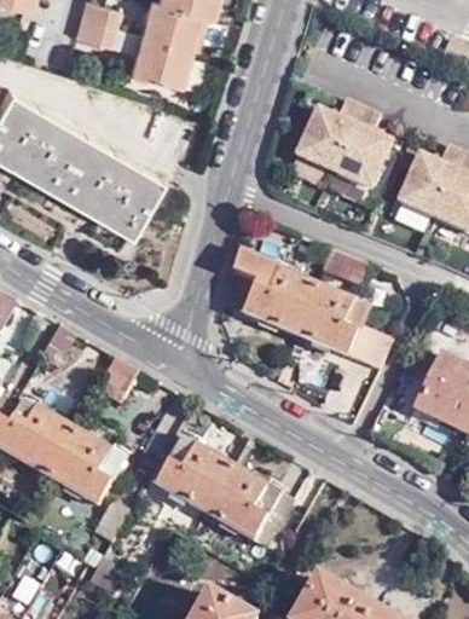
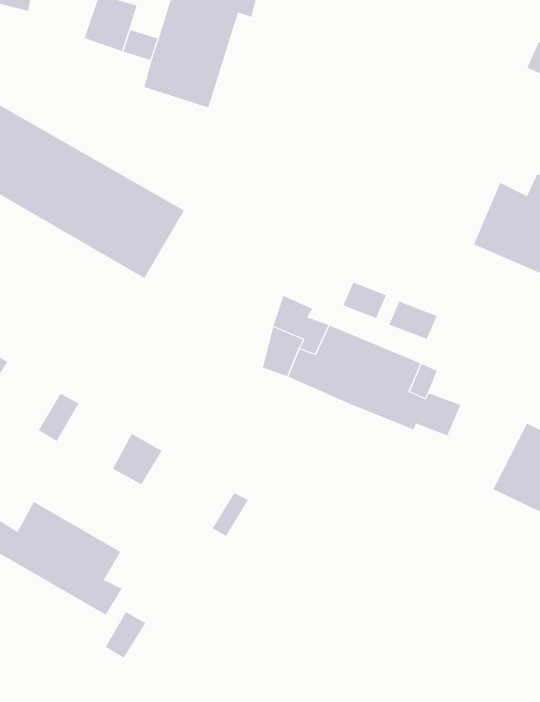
building: [295,100,395,192] -> none
building: [156,438,270,539] -> none

